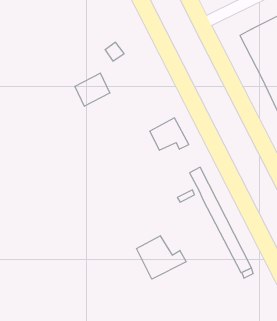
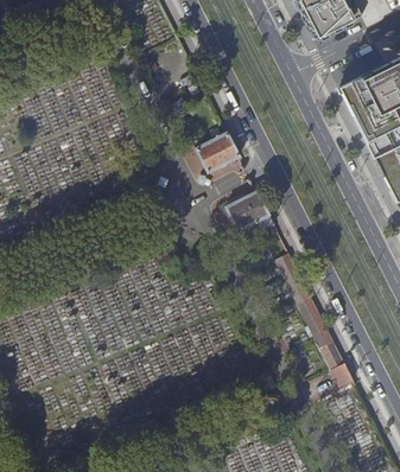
building: [75,73,110,106] -> [197,130,241,172]
building: [137,236,186,279] -> none

